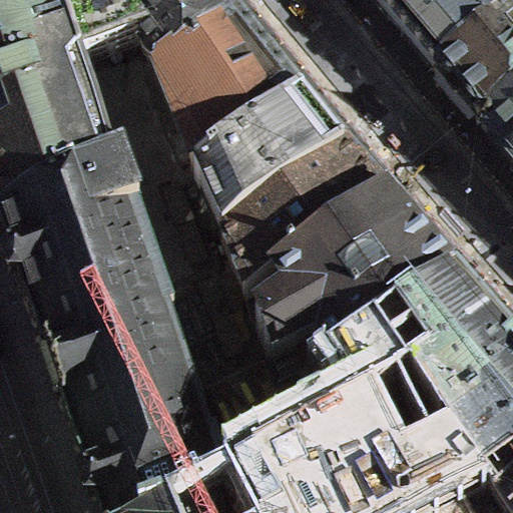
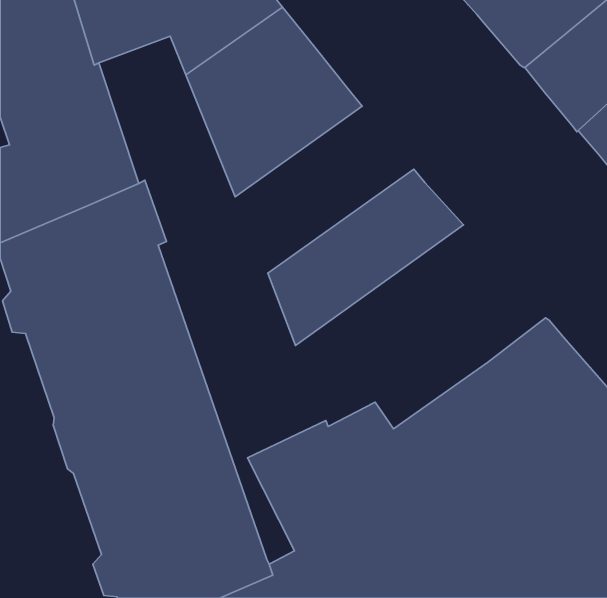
building: [202,87,352,226] -> none
building: [253,186,461,356] -> none

